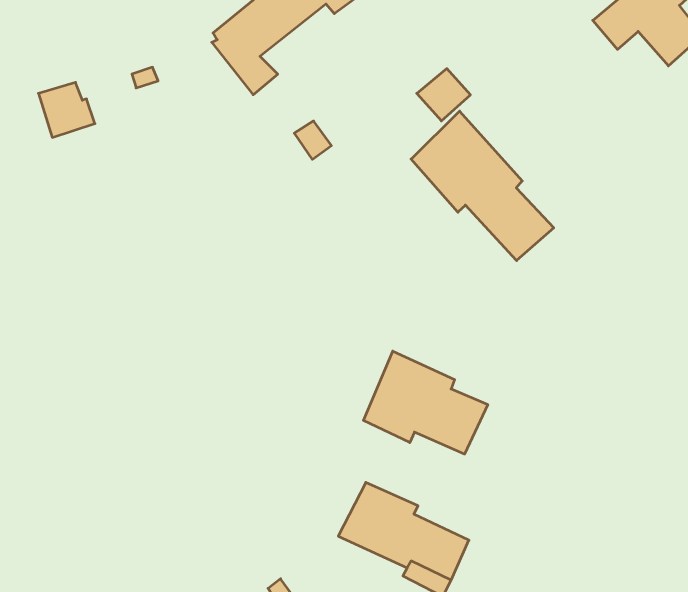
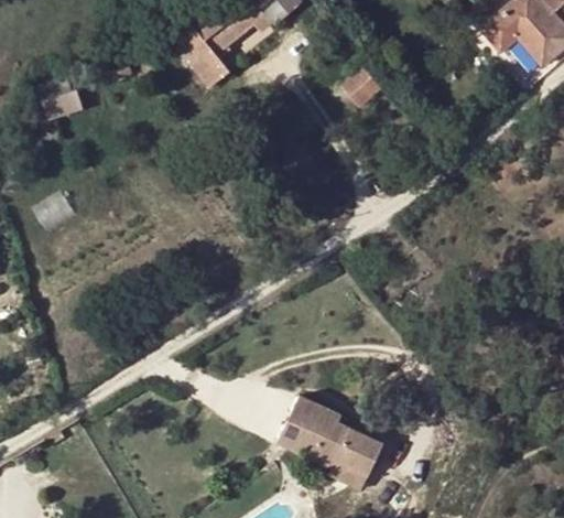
building: [411,111,554,261] -> none
building: [363,351,488,454] -> none

